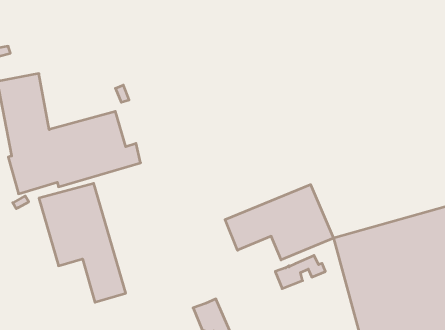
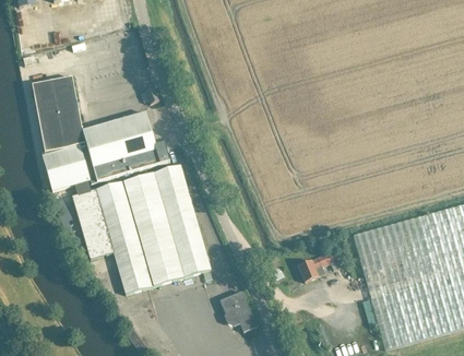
building: none -> [124,164,210,285]
building: [225,185,333,260] -> none

